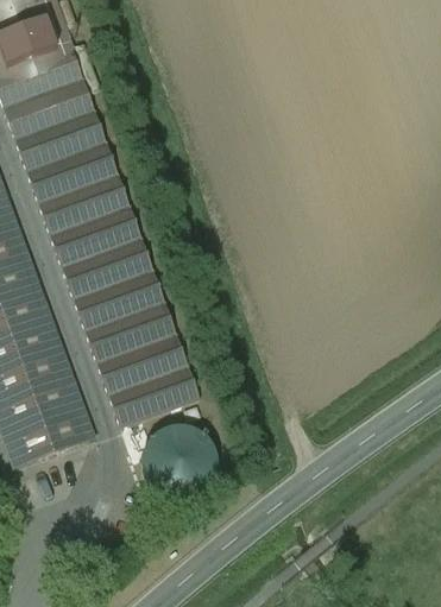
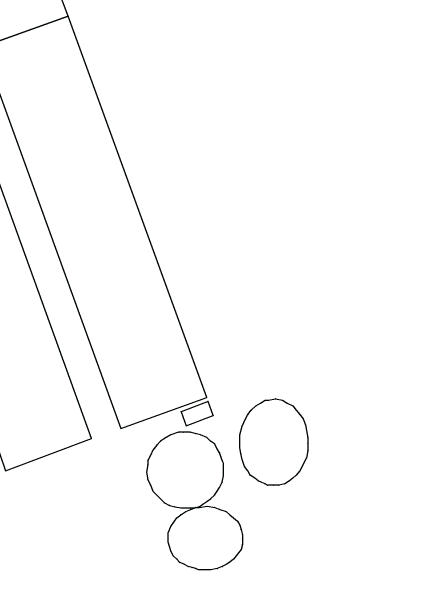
building: none -> [240,399,308,485]
building: none -> [168,506,242,570]

